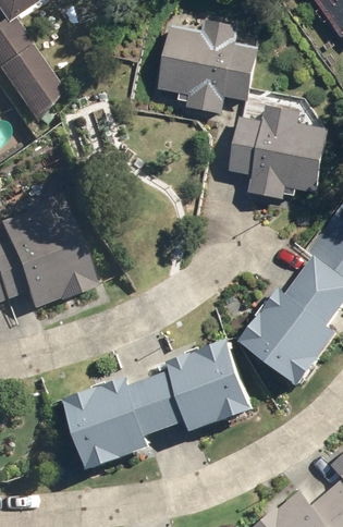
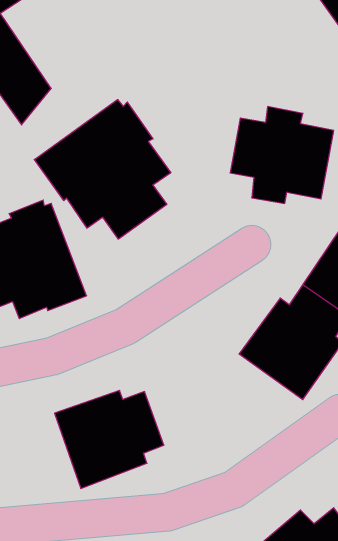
building: [157,20,259,114] -> none
building: none -> [34,100,171,239]
building: [150,338,258,432] -> none

